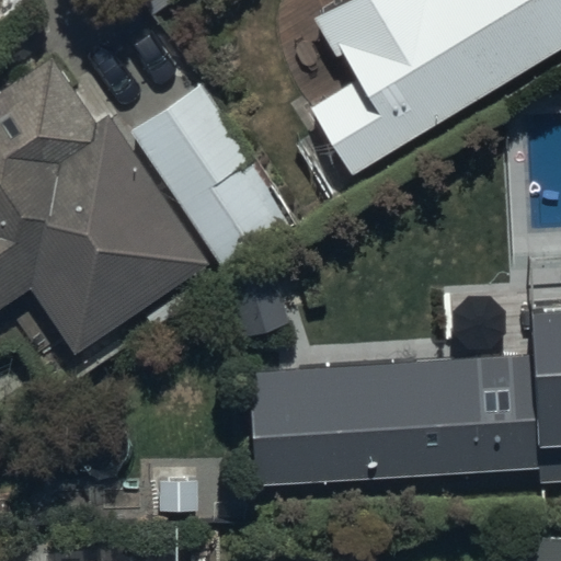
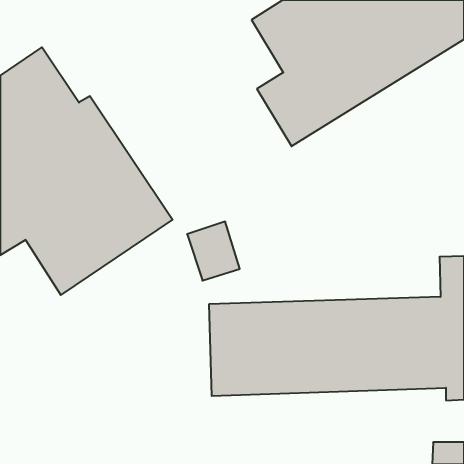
building: [129,84,293,272] -> none

